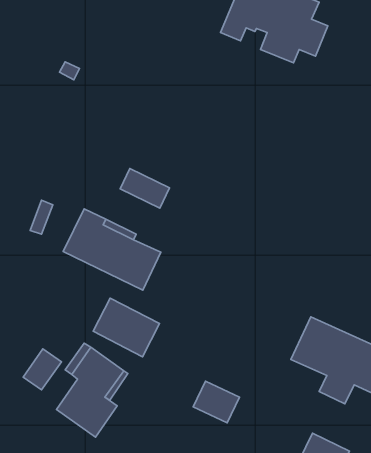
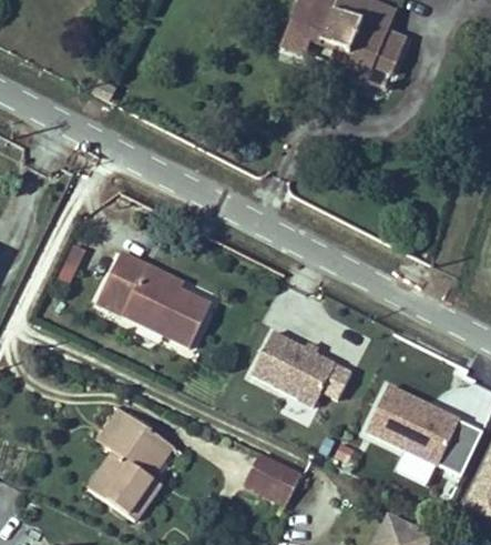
building: [120,169,169,208] -> none
building: [93,298,159,357] -> [255,336,333,405]
building: [23,349,61,390] -> none

